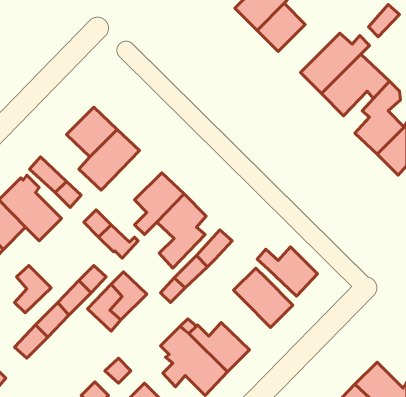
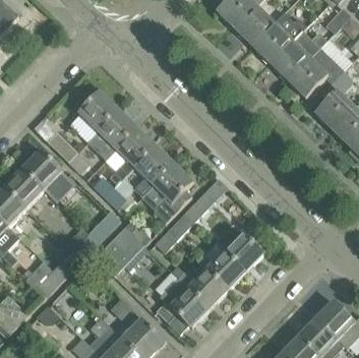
building: none -> [251,13,306,63]
building: none -> [113,127,156,180]
building: [257,247,318,296] -> [195,250,245,291]
building: [14,266,51,313] -> none

